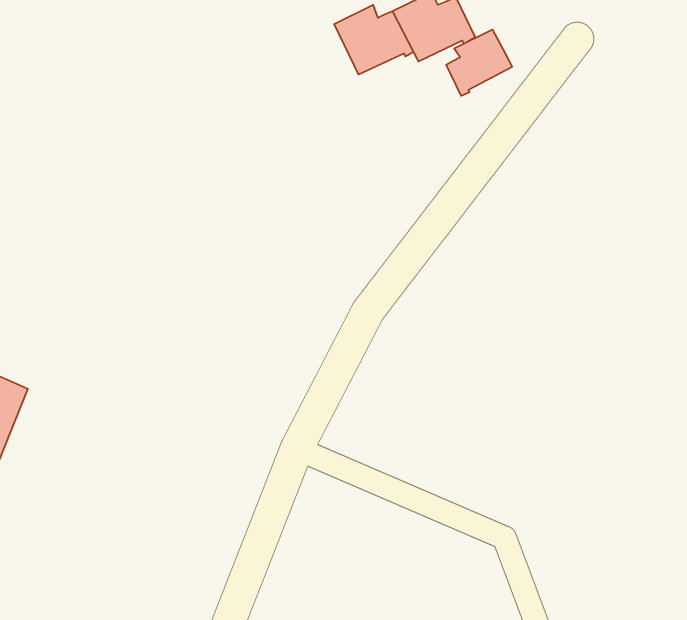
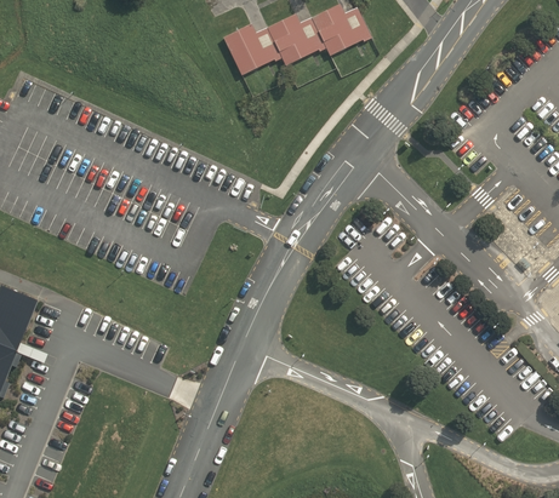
building: none -> [224,23,283,74]
building: [446,29,512,96] -> none

